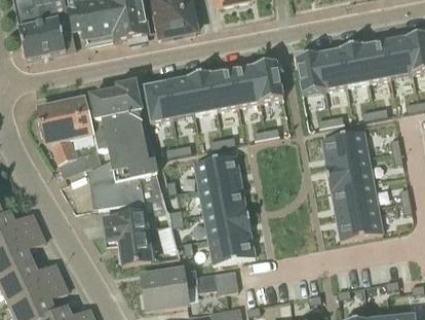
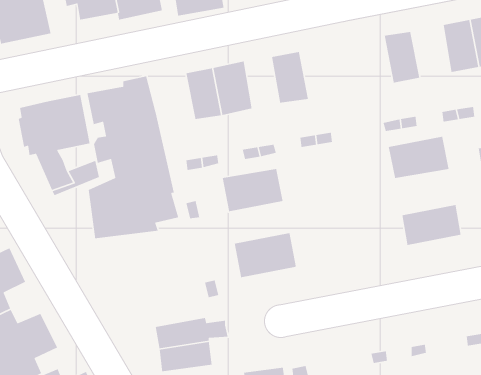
building: [339,42,370,84] -> none
building: [296,51,325,93] -> none
building: [254,60,283,101] -> none
building: [211,68,238,108] -> none
building: [144,80,173,121] -> none
building: [325,154,374,189] -> none
building: [199,179,245,211] -> none
building: [336,205,383,239] -> none
building: [104,210,152,263] -> none
building: [208,229,256,262] -> none
building: [197,268,238,292] -> none

